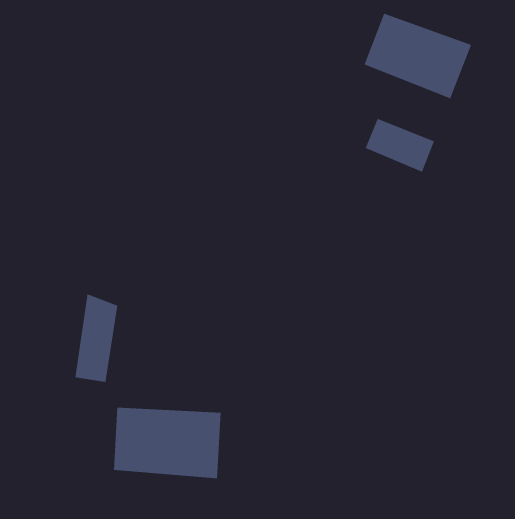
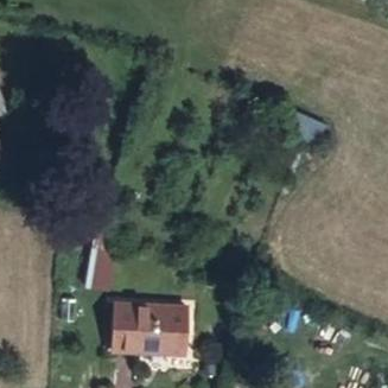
building: [364,13,472,99] -> none

